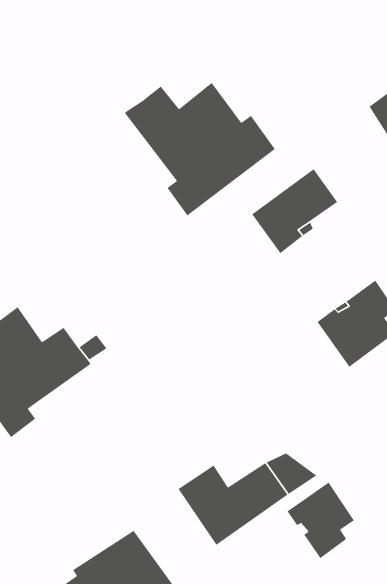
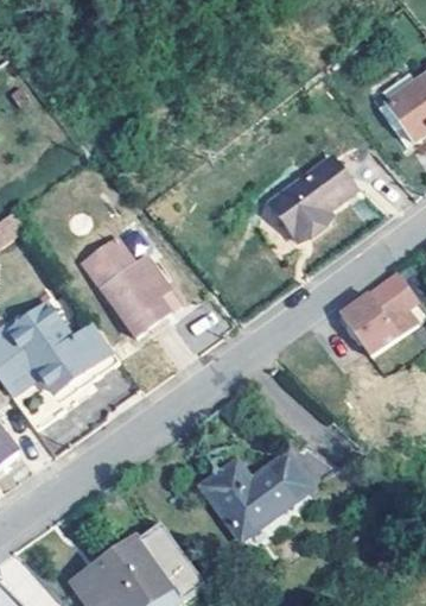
building: [124,82,276,217] -> none
building: none -> [82,234,179,333]
building: [287,481,355,559] -> none

